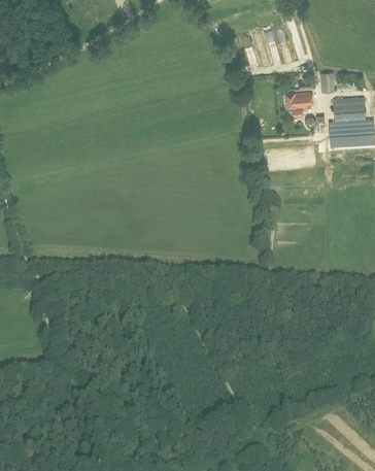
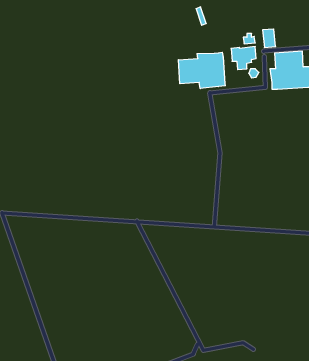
building: none -> [178,52,225,89]

